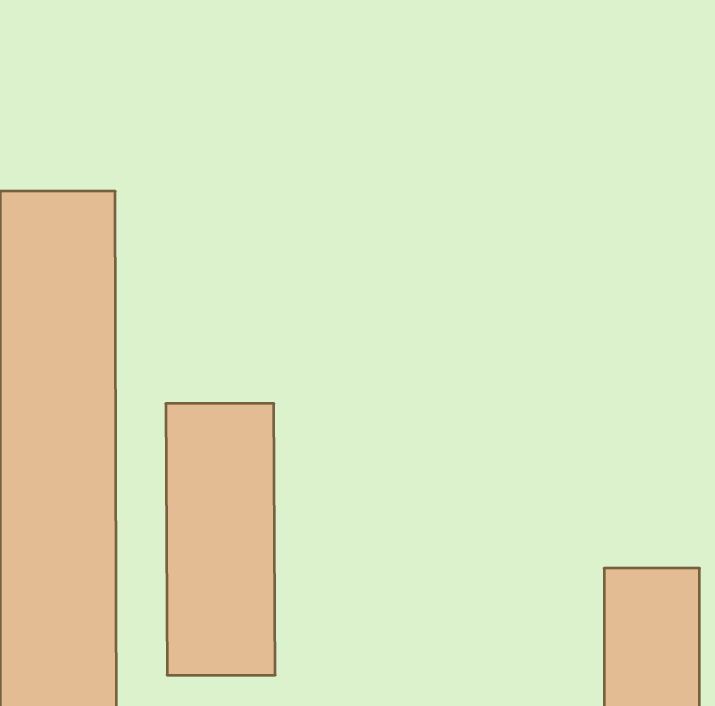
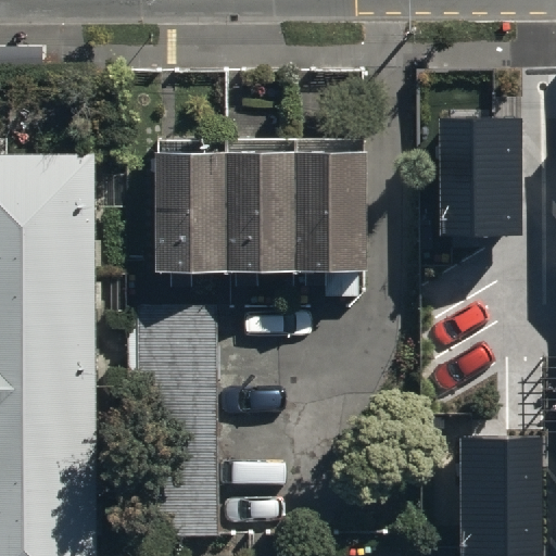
building: none -> [446,129,519,239]
building: none -> [150,152,349,266]

